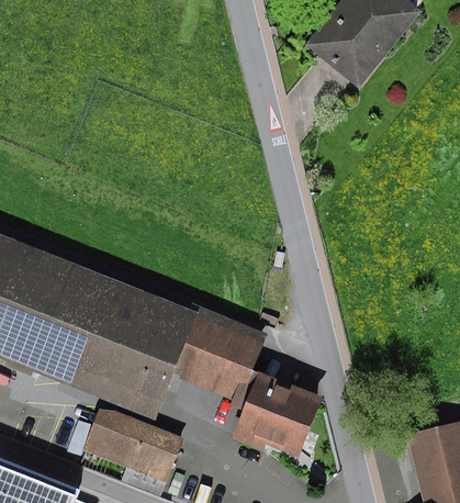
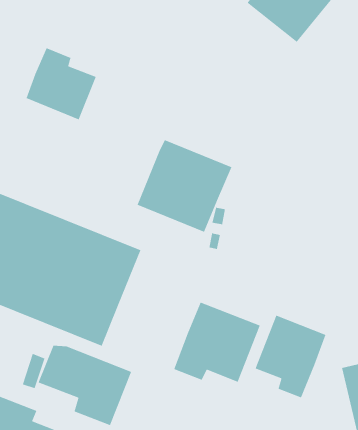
building: none -> [25,47,97,120]
building: [170,300,272,400] -> [137,139,232,233]
building: none -> [255,315,327,399]

